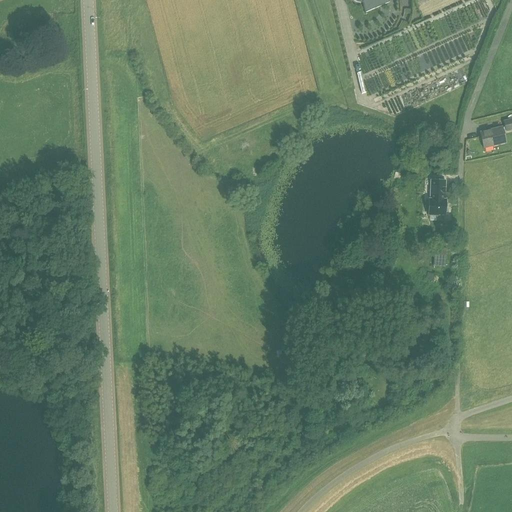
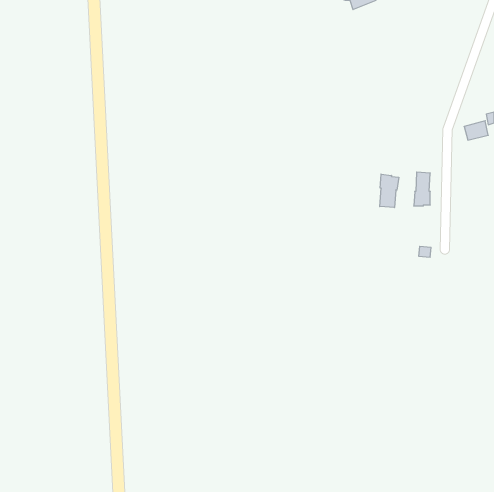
building: none -> [380,174,399,208]

